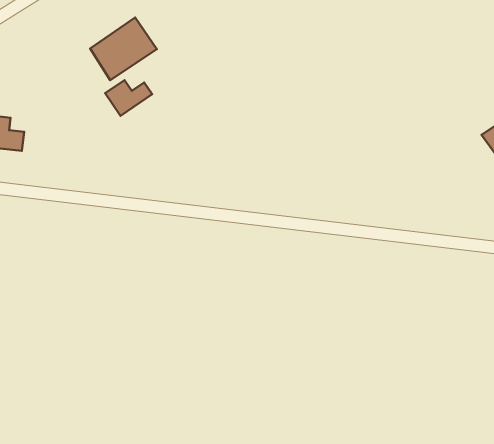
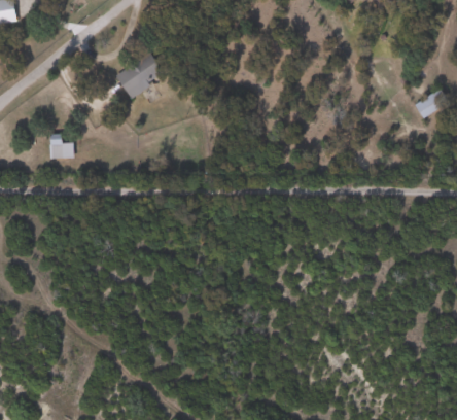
building: [105,80,152,116] -> none

